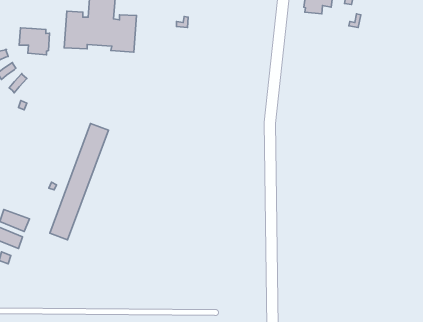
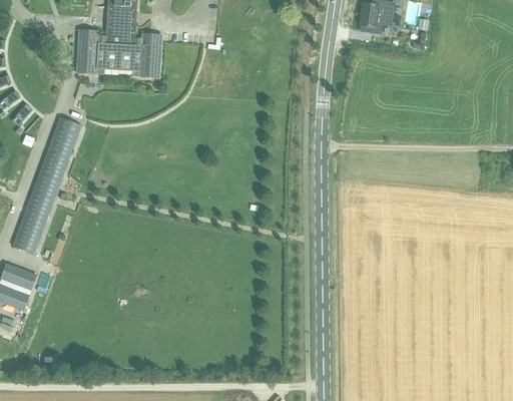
building: [19,28,50,55] -> none
building: [50,123,108,240] -> [12,116,81,254]

